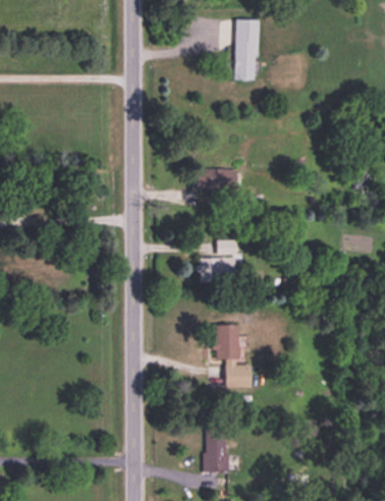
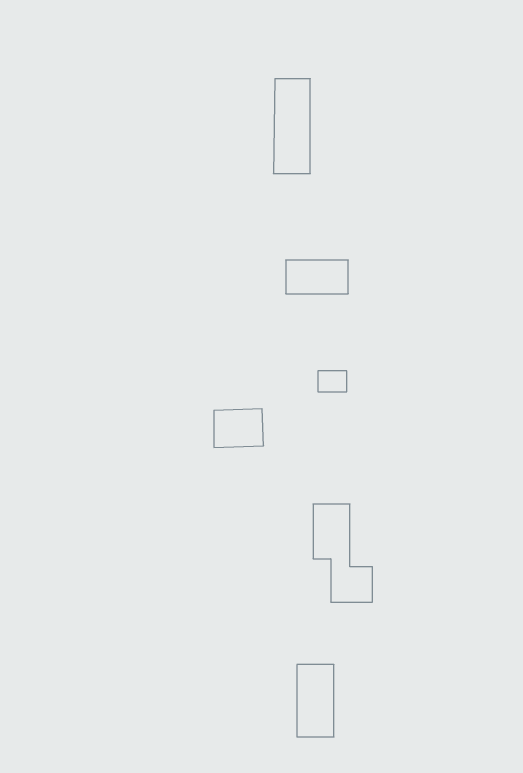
building: [234,19,258,79] -> [273,79,310,174]
building: [202,258,233,282] -> [214,409,264,447]

